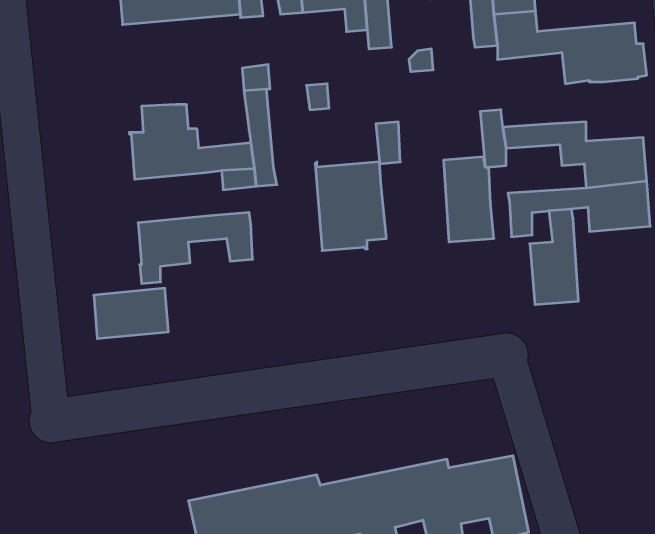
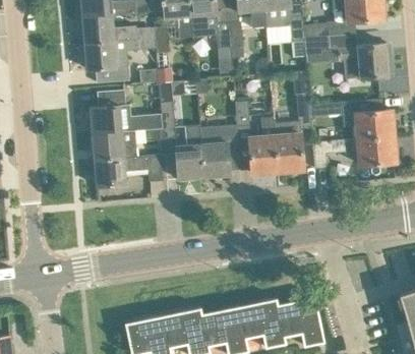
building: none -> [86,39,156,83]
building: none -> [176,126,203,180]
building: [530,209,578,305] -> [249,118,278,174]
building: [94,288,168,339] -> [94,131,137,161]

